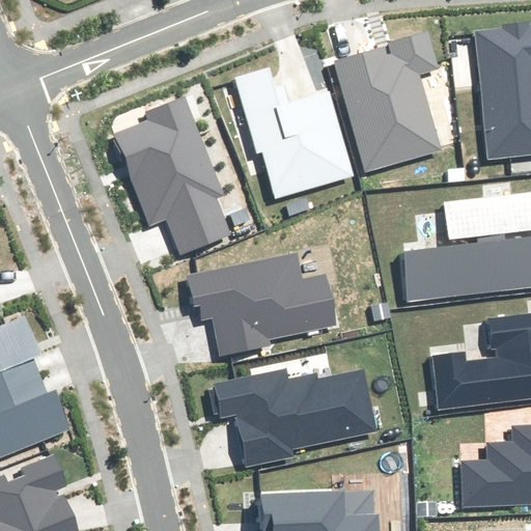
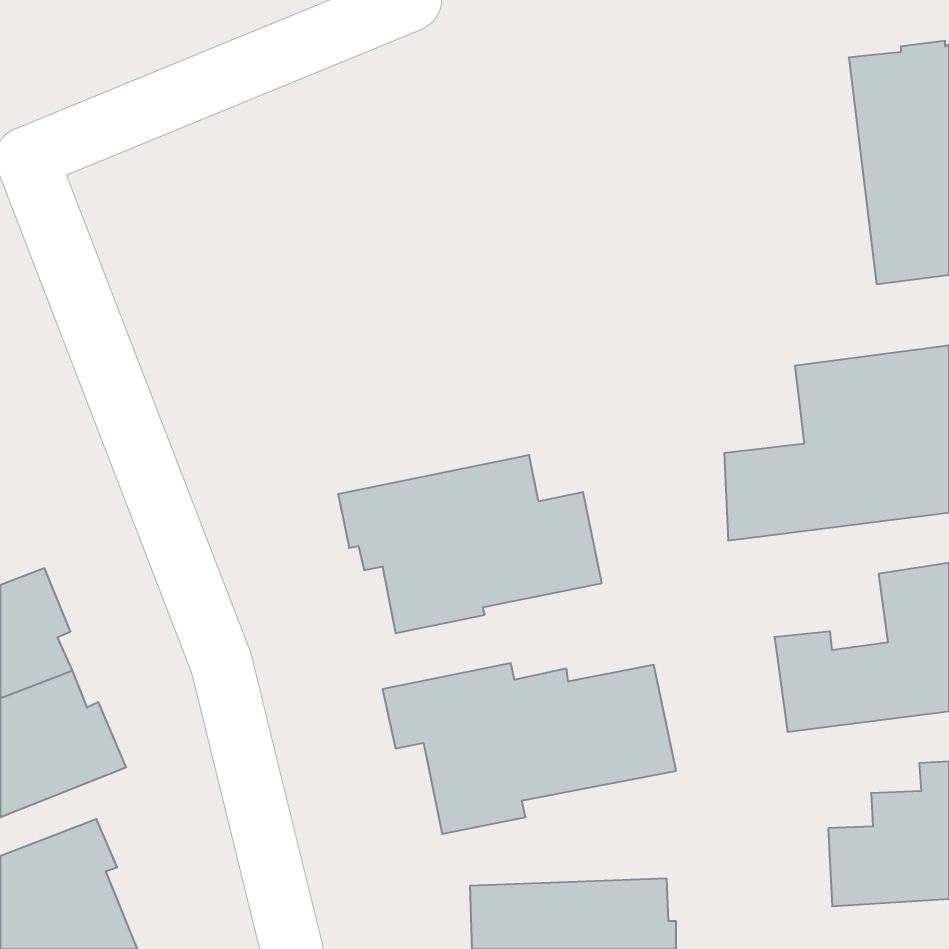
building: [334,32,440,173] -> none
building: [237,69,354,197] -> none
building: [114,96,231,254] -> none

